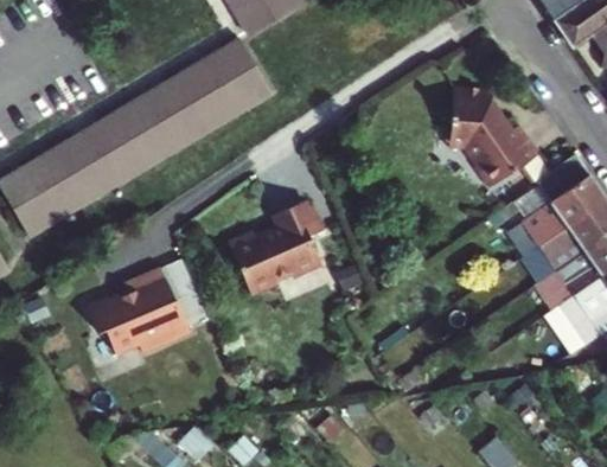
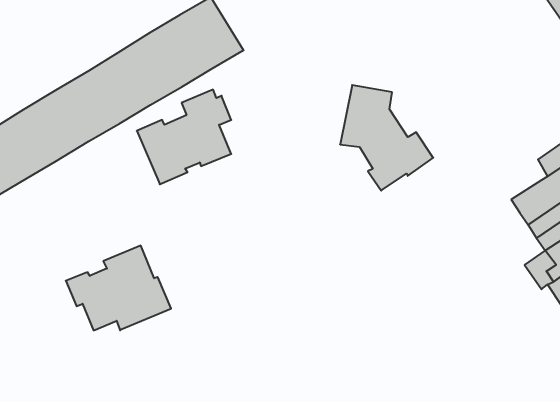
building: [453,95,544,198] -> [340,85,433,191]
building: [235,209,327,301] -> [137,90,231,184]

